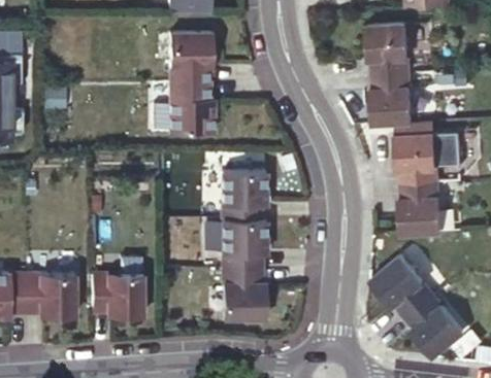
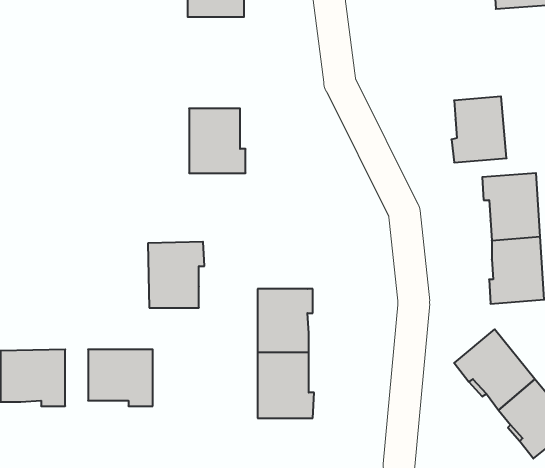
building: [367,26,411,79] -> none
building: [170,35,214,85] -> none
building: [223,173,266,224] -> [148,242,204,308]

